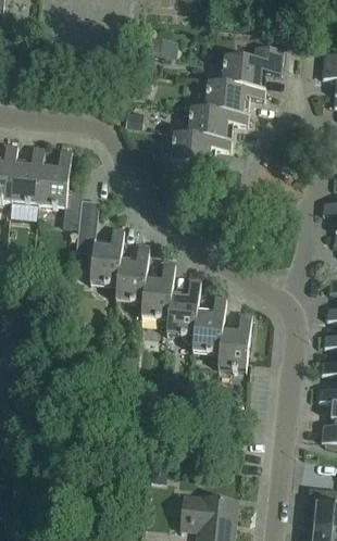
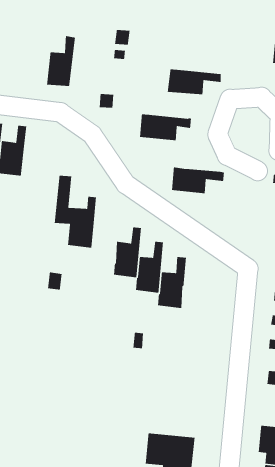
building: [220,45,284,87] -> none
building: [187,106,249,138] -> [170,166,225,194]
building: [38,148,72,206] -> [46,35,76,87]
building: [116,243,149,302] -> none
building: [219,312,252,370] -> none

